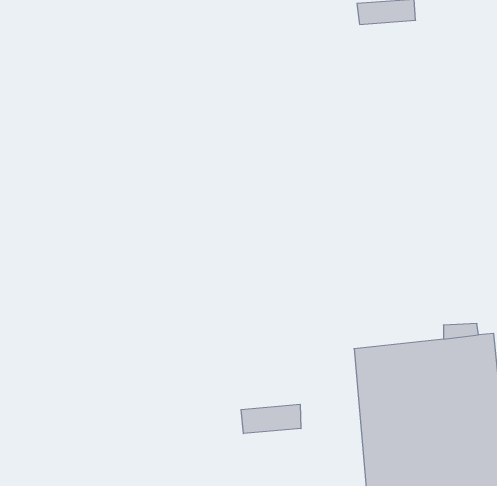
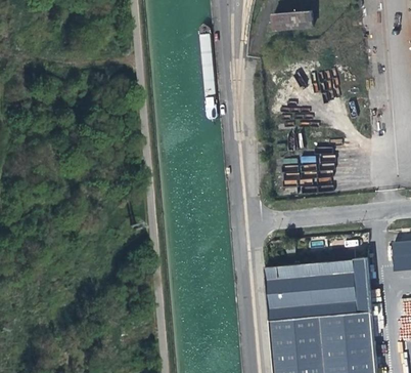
building: [241,404,301,434] -> none

